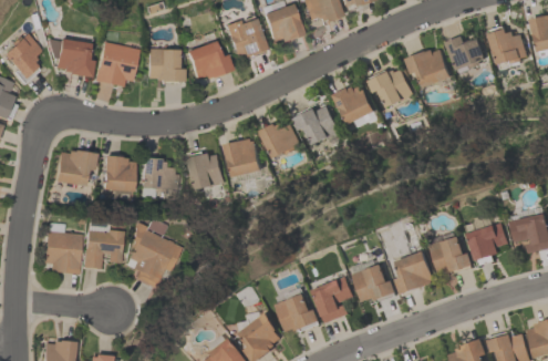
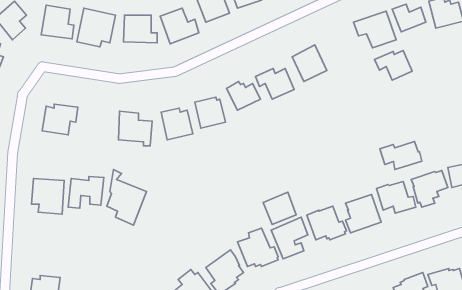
building: [368,71,410,104] -> [374,51,412,80]
building: [103,155,133,189] -> none
building: none -> [380,142,422,170]
building: none -> [263,192,296,225]

